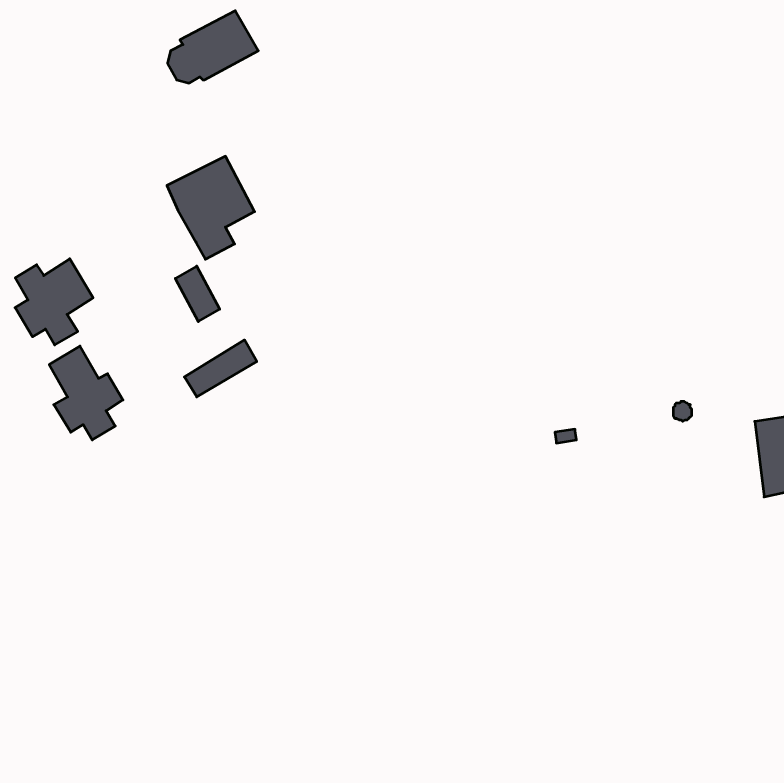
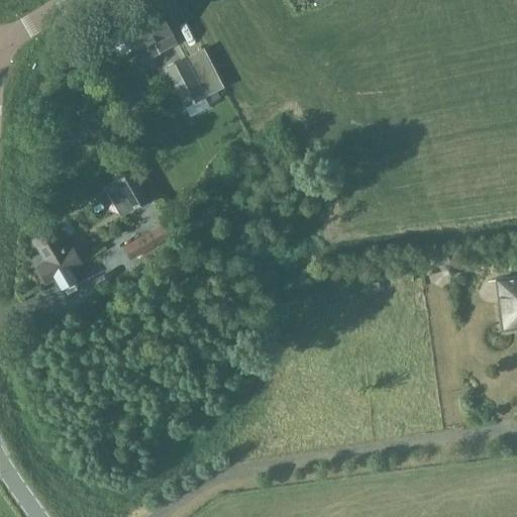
building: [167,156,255,259] -> [164,53,221,120]
building: [15,259,93,345] -> none

